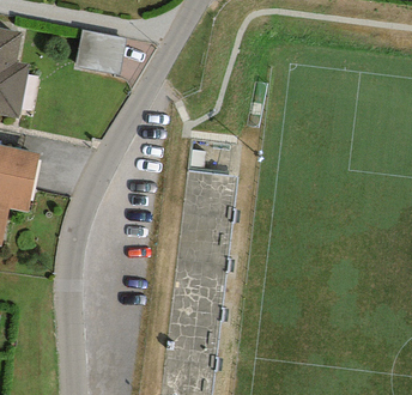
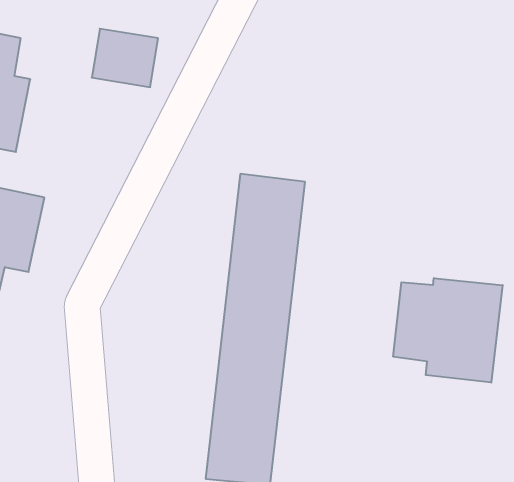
building: none -> [393,278,503,383]

